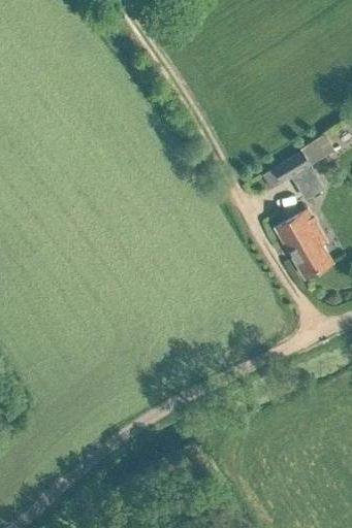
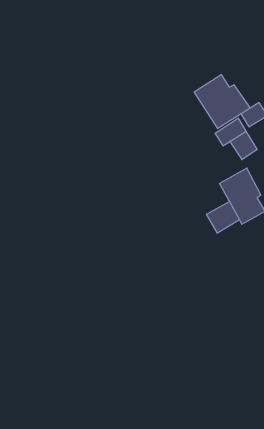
building: none -> [194,74,250,129]
building: none -> [206,202,239,233]

